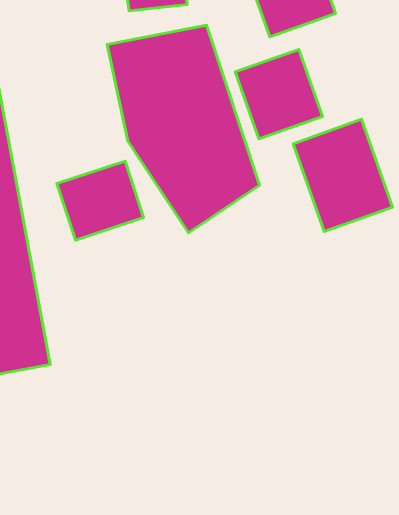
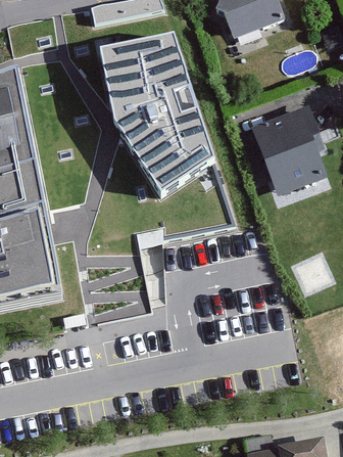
building: [235,50,323,139] -> none
building: [57,161,143,240] -> none

